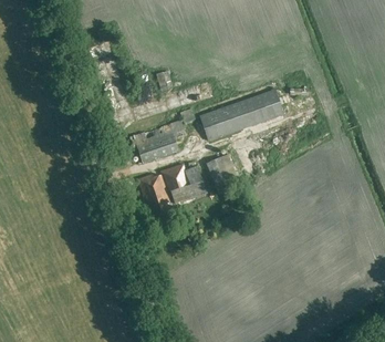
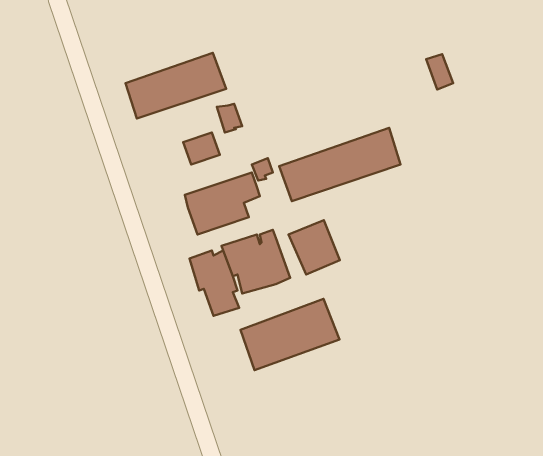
building: none -> [125,53,226,119]
building: none -> [241,299,340,370]

